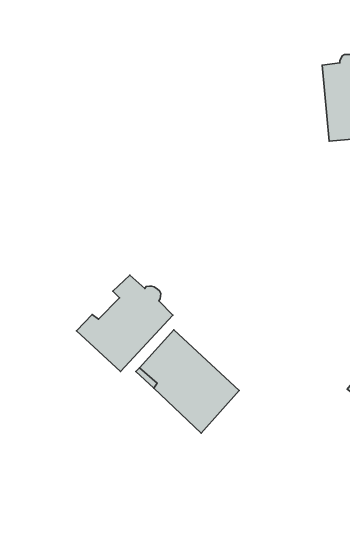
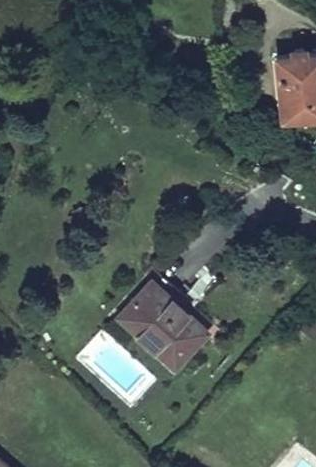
building: [76,275,173,372] -> none

